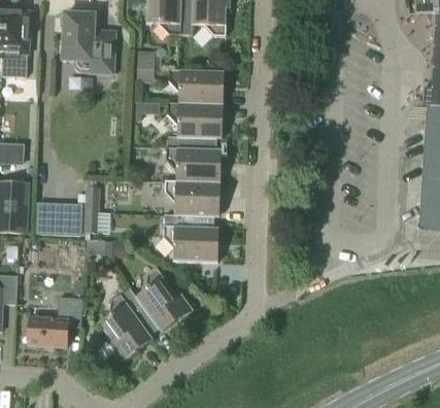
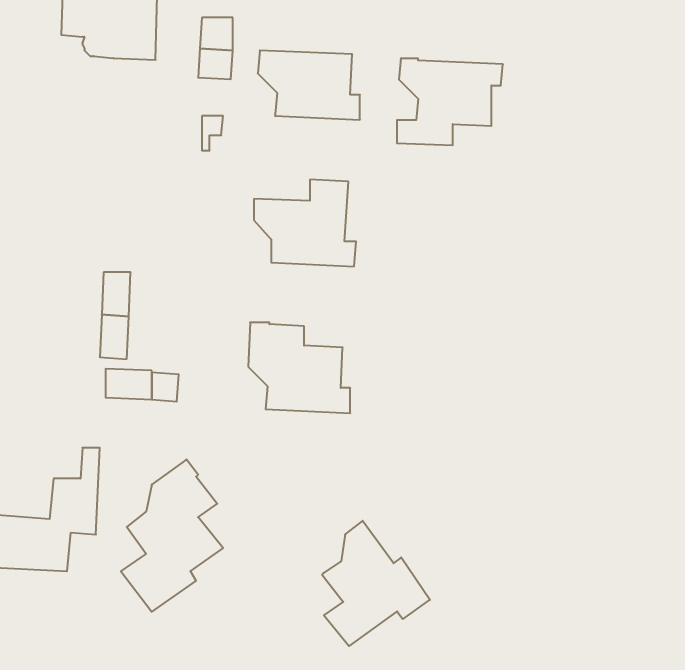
building: [166,102,223,148] -> [397,58,503,145]
building: [165,180,219,227] -> none
building: [36,202,82,236] -> none
building: [135,267,193,334] -> [322,521,430,646]

